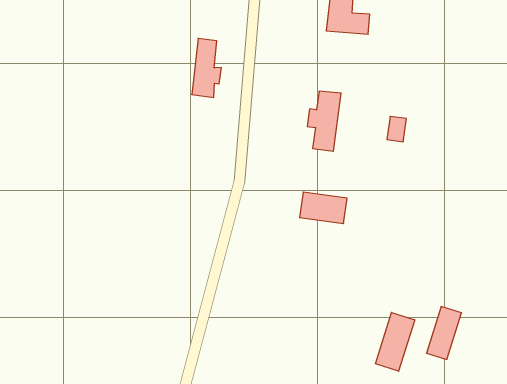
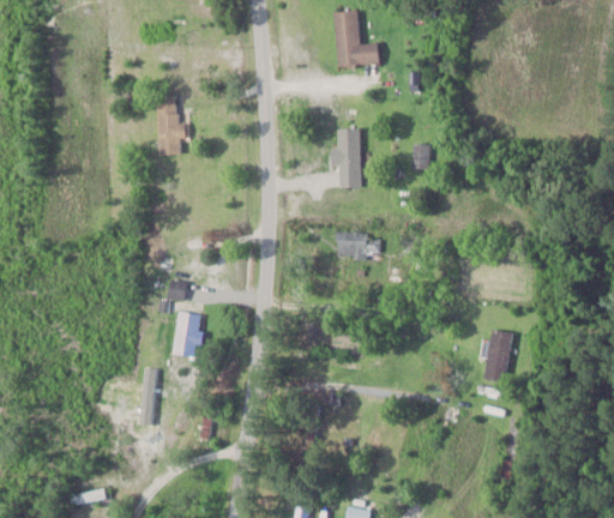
building: [192,38,221,97] -> [157,96,185,153]
building: none -> [171,311,203,357]
building: [375,312,415,371] -> none

